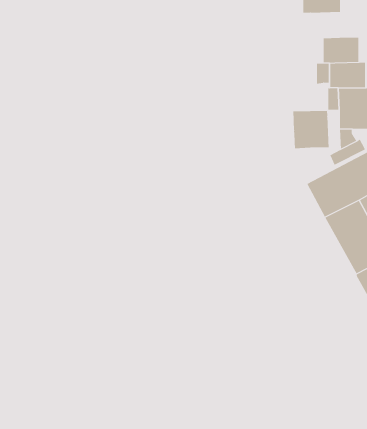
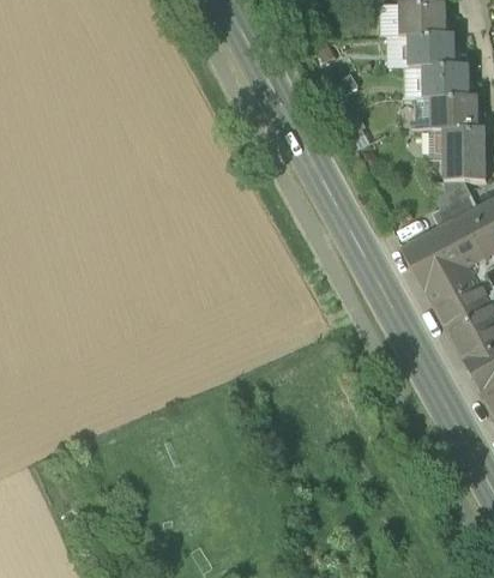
building: none -> [408,31,454,64]
building: [293,110,329,149] -> none

